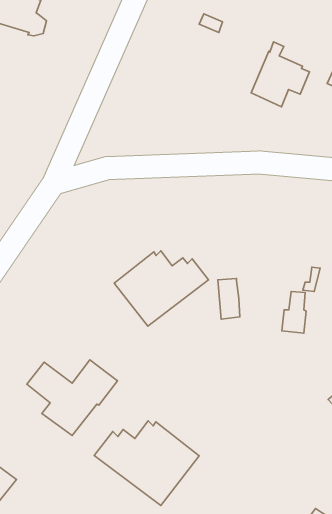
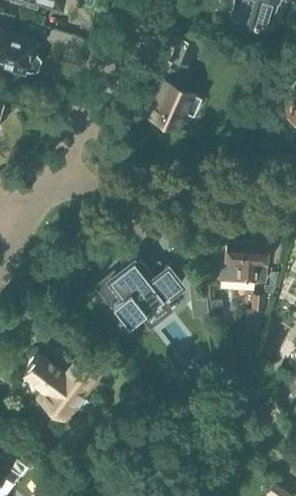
building: [251,42,309,107] -> [151,73,201,130]
building: none -> [216,243,267,287]
building: [94,421,199,506] -> none

